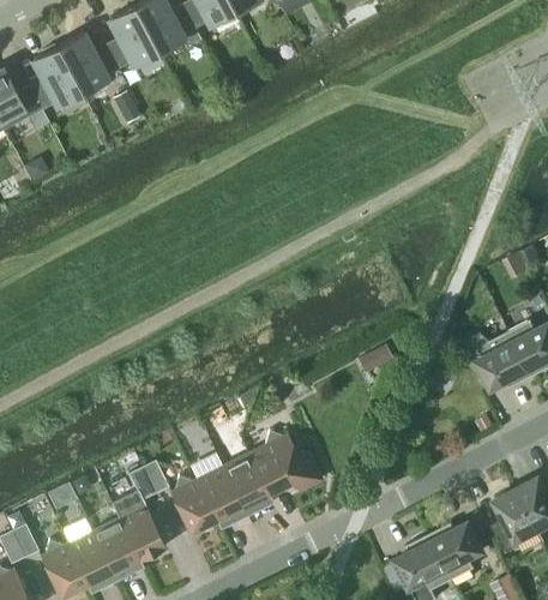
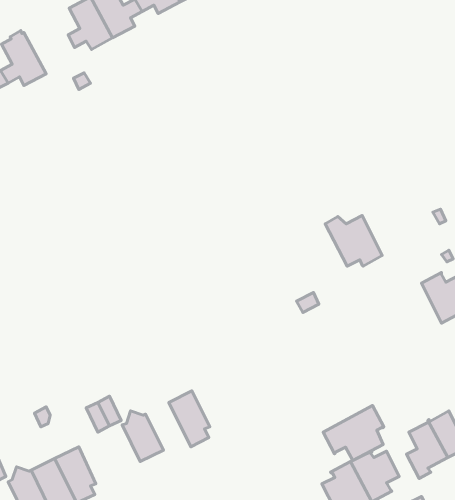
building: [58,34,115,94] -> none
building: [466,331,531,389] -> [325,215,382,266]
building: [248,431,321,494] -> none
building: [195,467,247,527] -> none
building: none -> [323,405,384,460]
building: [120,503,165,559] -> none

